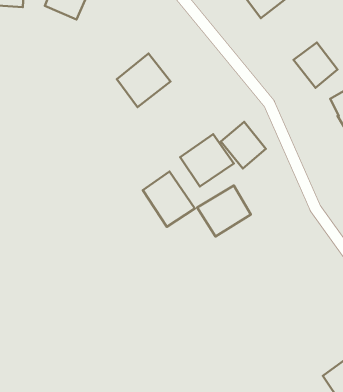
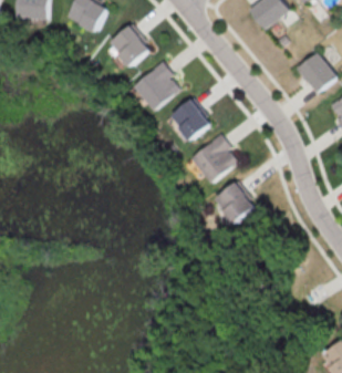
building: none -> [111,24,152,66]
building: [221,122,266,168] -> [170,99,211,141]
building: [143,171,195,227] -> none

